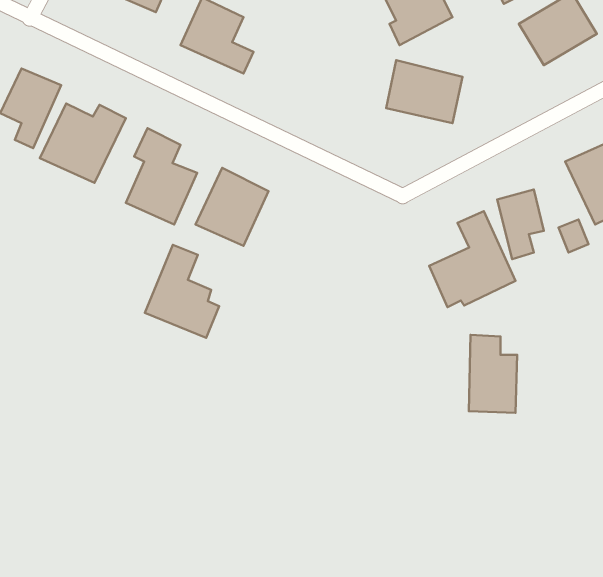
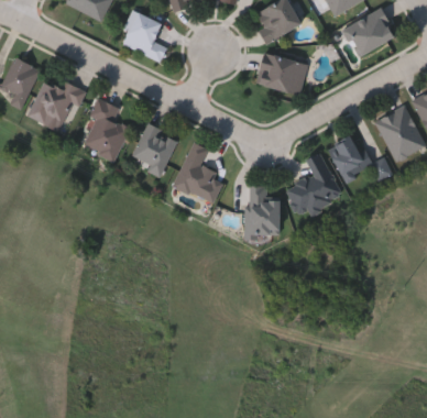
building: [145,245,219,338] -> [173,142,222,204]
building: [469,335,517,413] -> [247,185,278,237]

